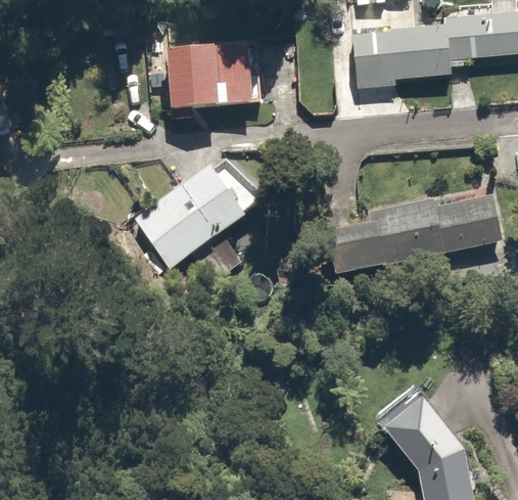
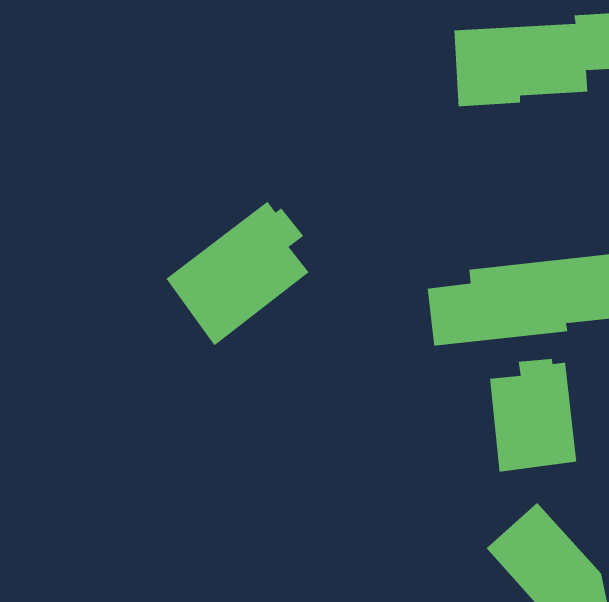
building: [162,41,255,104] -> none
building: none -> [489,358,577,473]

